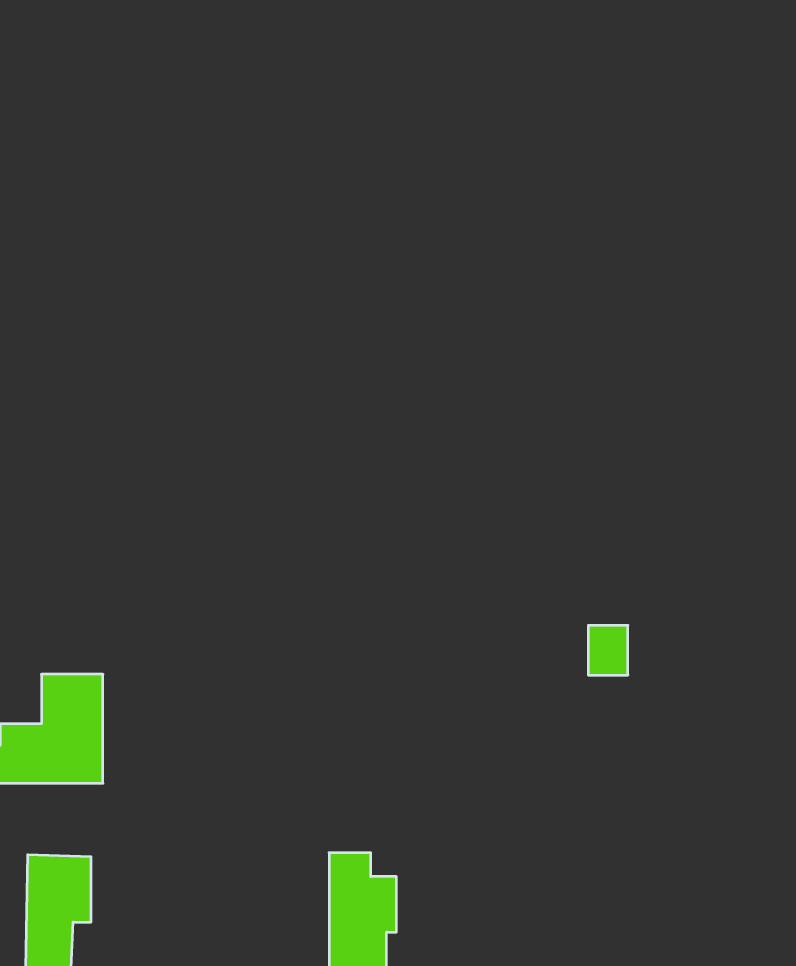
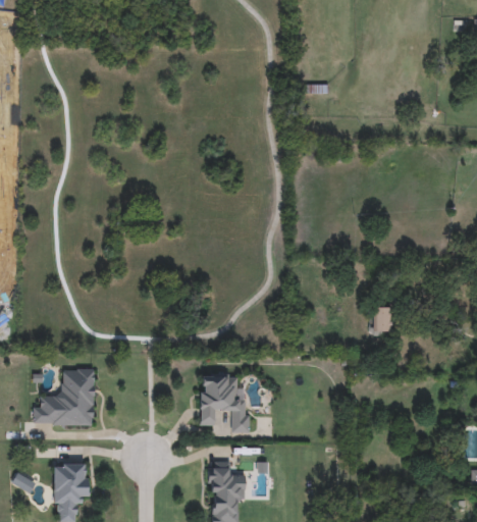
building: [588,625,628,675] -> [370,308,390,333]
building: none -> [200,375,249,433]

